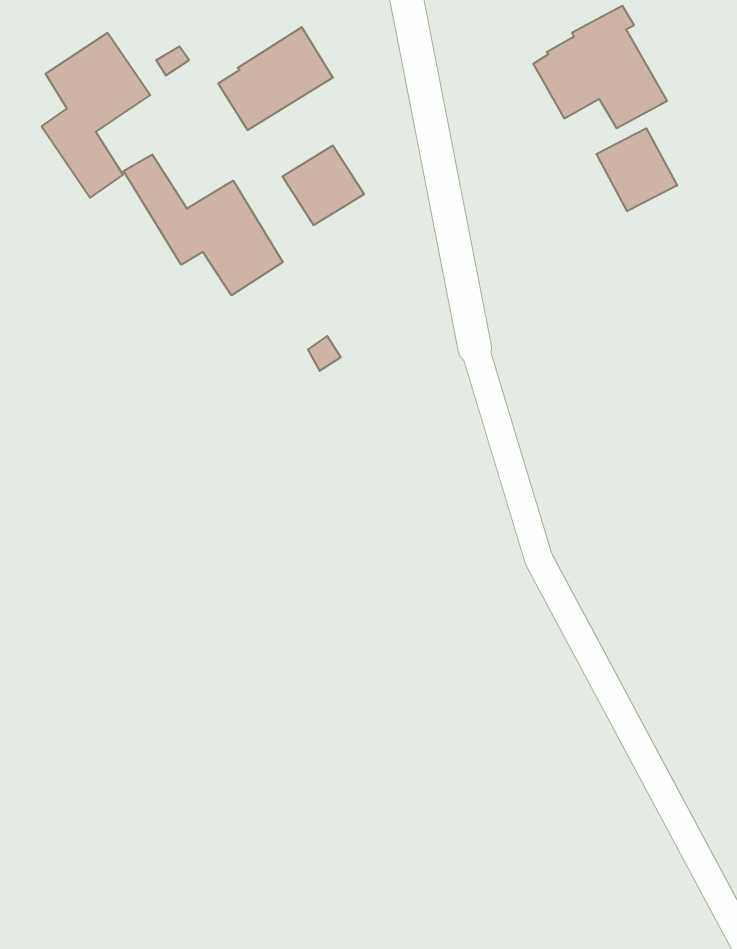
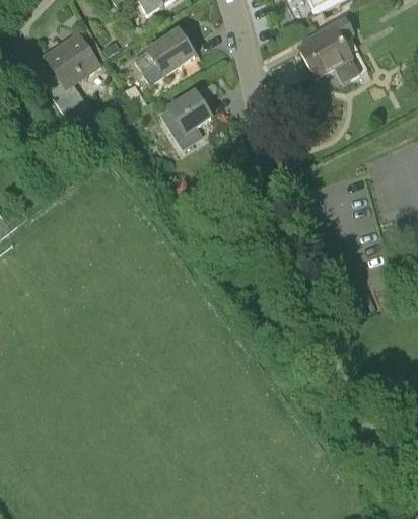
building: [596,128,677,211] -> none
building: [124,154,283,295] -> none

